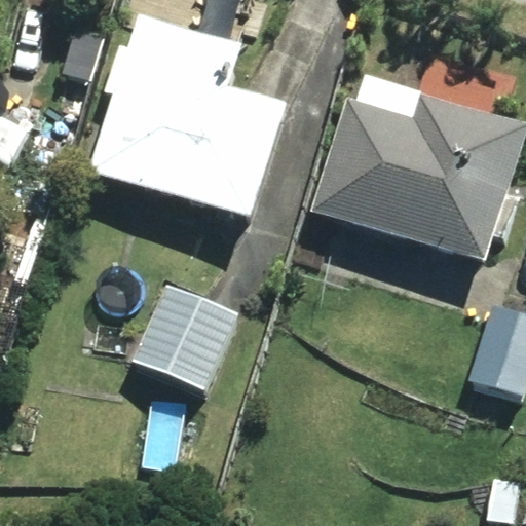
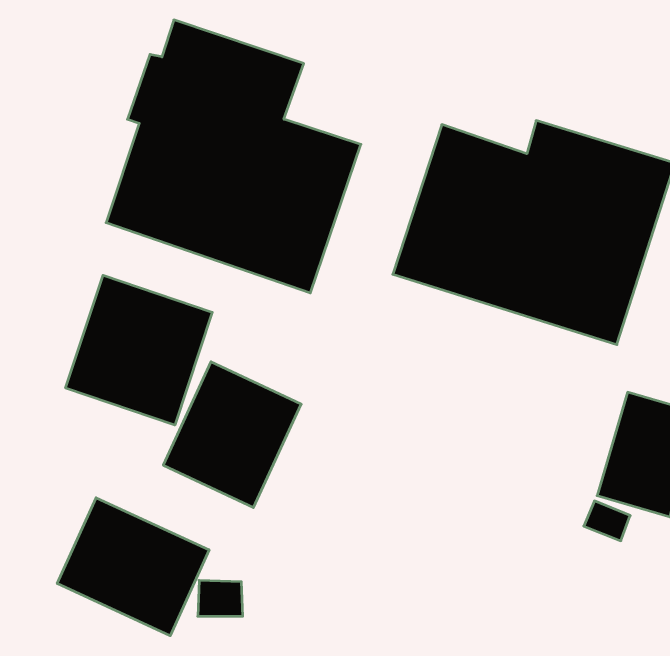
building: none -> [66,275,212,425]
building: none -> [57,498,209,636]

